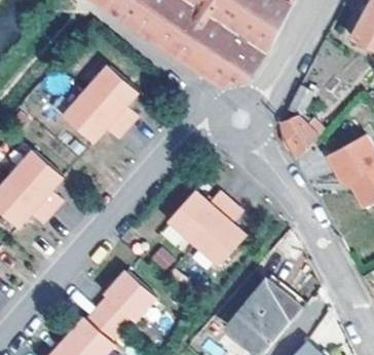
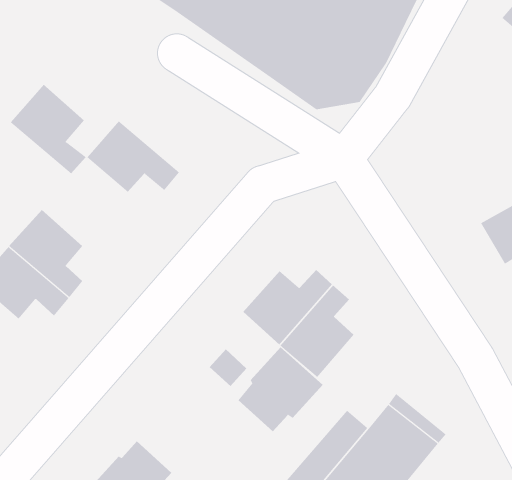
building: [86,67,138,127] -> [10,84,86,174]
building: [283,85,322,161] -> none
building: [99,271,156,328] -> [238,347,323,432]

